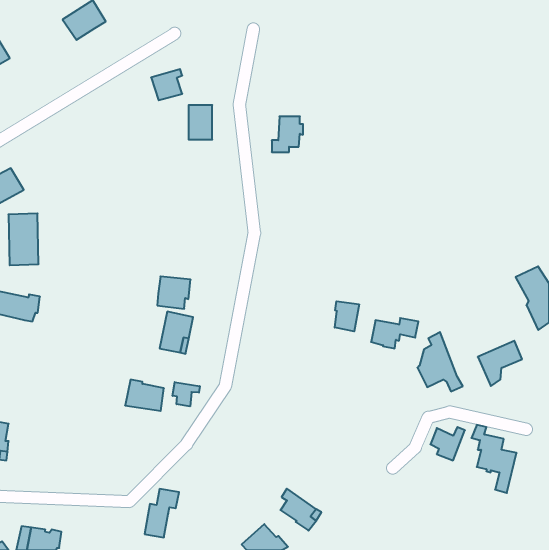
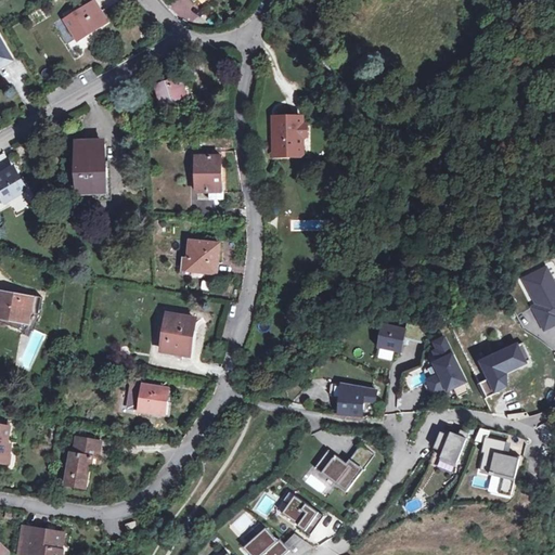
building: [189,105,212,140] -> [196,156,220,191]
building: [8,213,39,265] -> [75,143,105,195]
building: [157,276,191,309] -> [186,241,220,273]
building: [335,301,359,331] -> none
building: none -> [331,382,372,414]
building: [173,382,200,406] -> none
building: none -> [315,443,374,490]
building: [145,489,179,537] -> [65,439,100,488]

